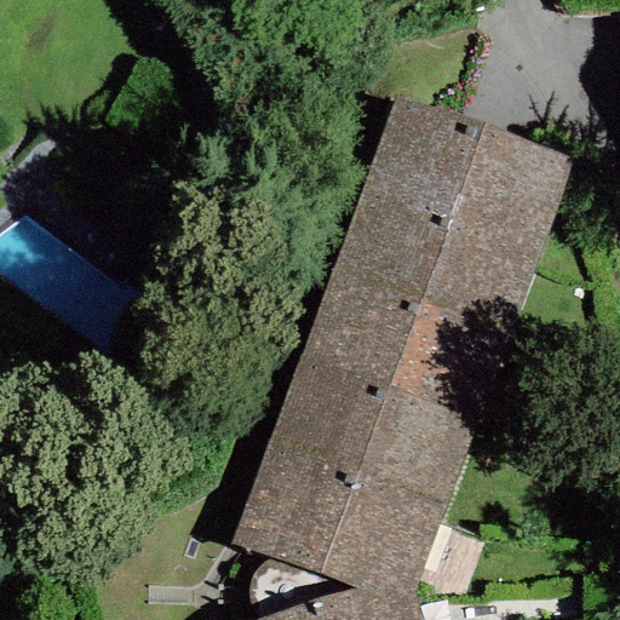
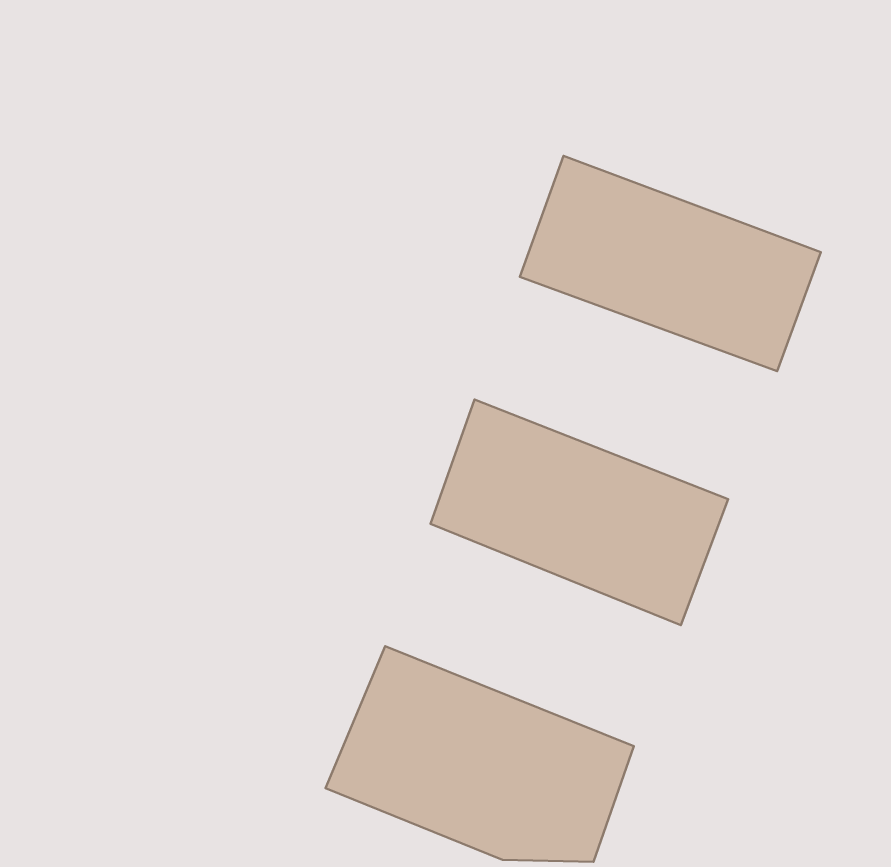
building: [331,191,540,345] -> none
building: [269,362,473,516] -> none

